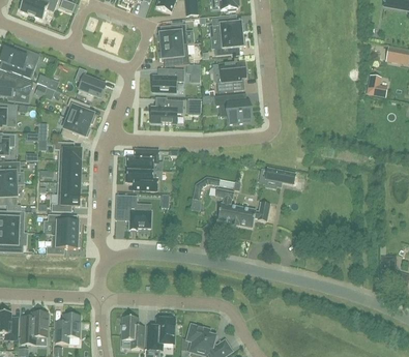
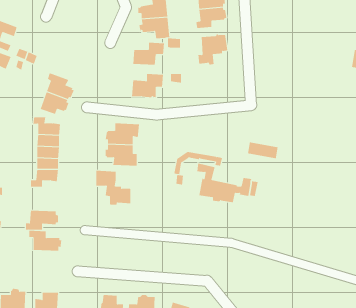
building: [77,72,105,100] -> none
building: [214,93,250,122] -> none
building: [47,213,80,234] -> [29,230,62,251]

